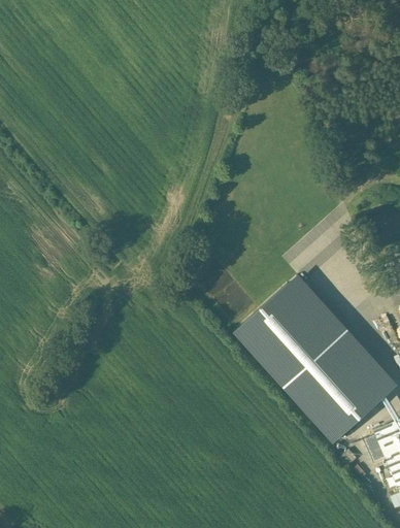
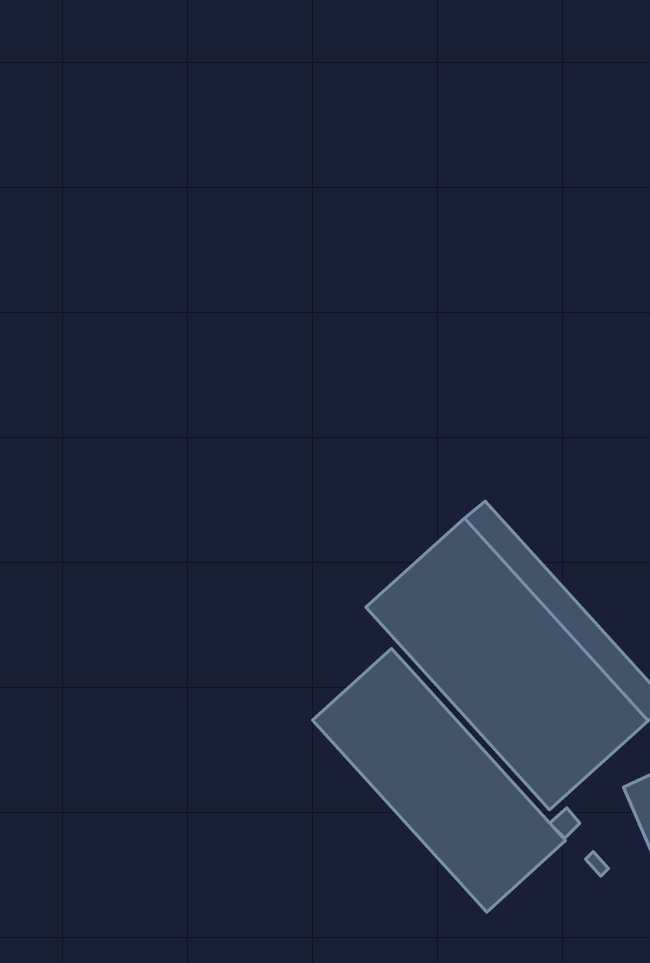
building: none -> [313,649,565,912]

